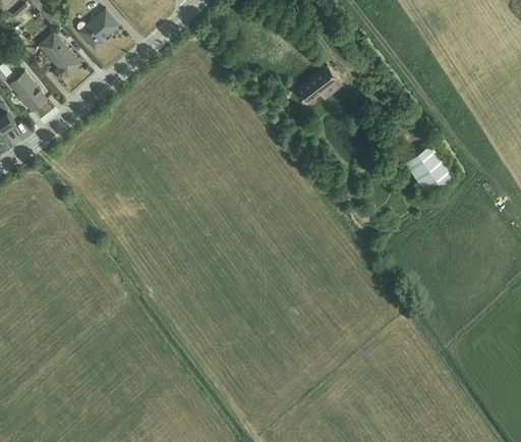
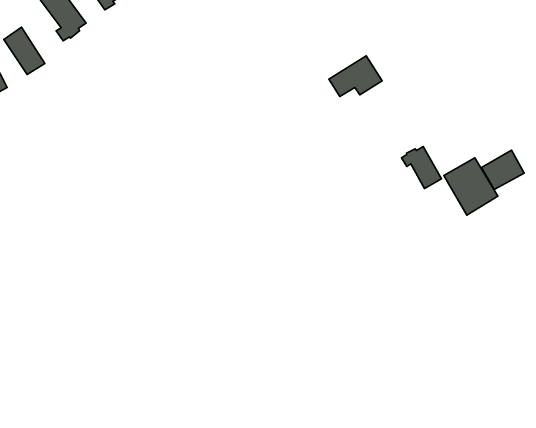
building: none -> [482,150,524,189]
building: none -> [402,146,441,189]

